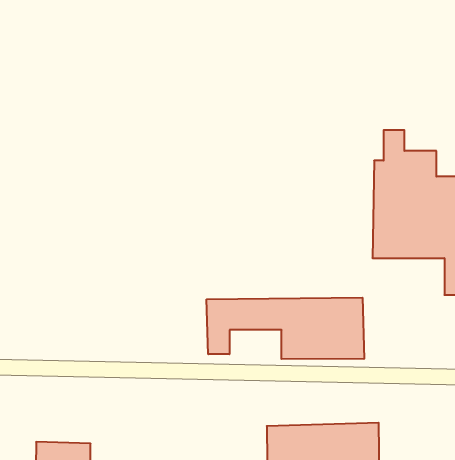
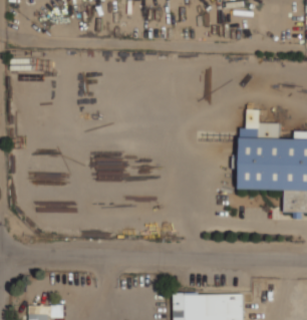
building: [207,298,364,359] -> none

